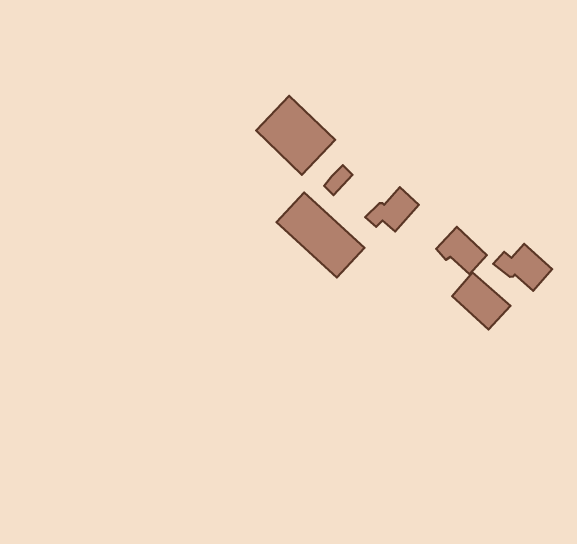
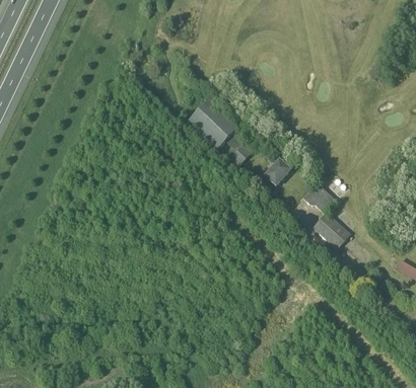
building: [277,193,364,277] -> none
building: [493,244,552,291] -> none

